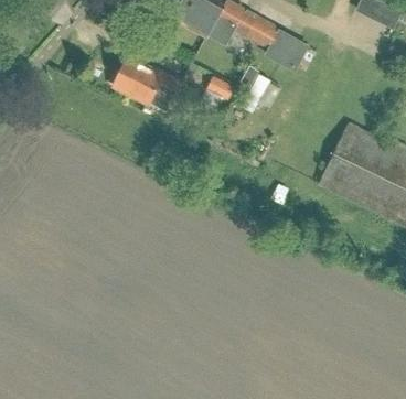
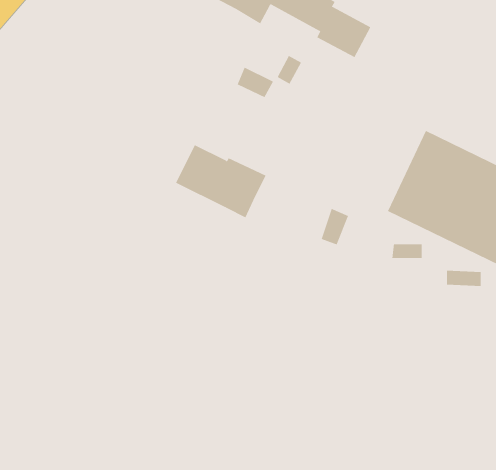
building: [113,55,181,110] -> [175,144,267,218]

